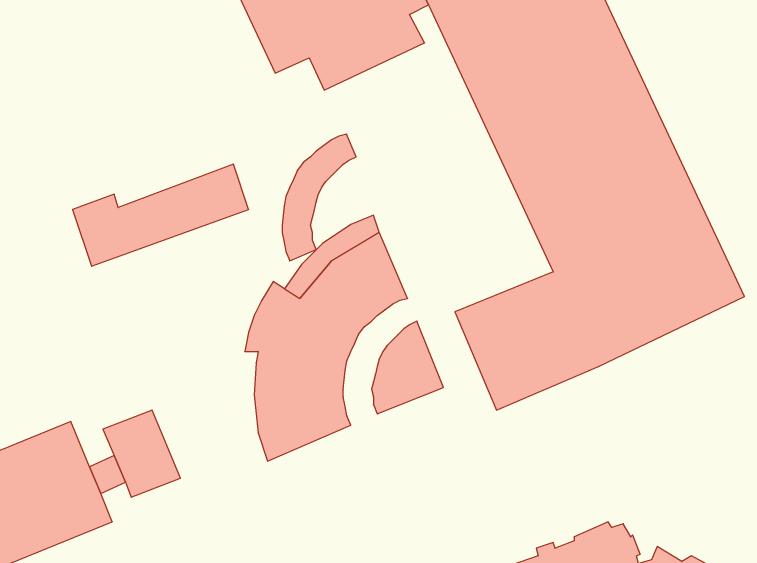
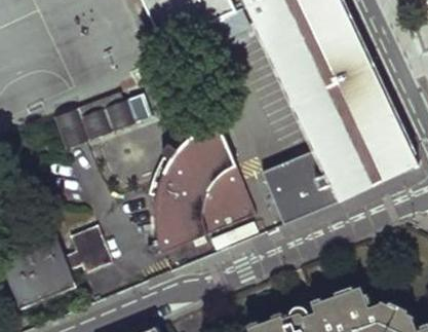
building: [282,134,356,261] -> [200,165,240,234]

